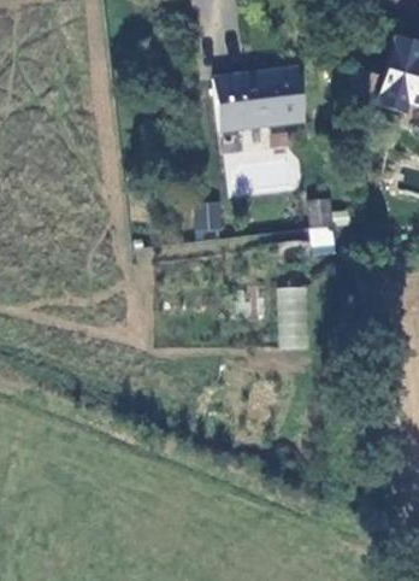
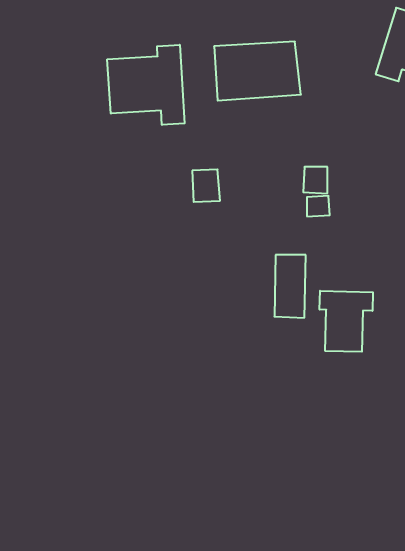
building: none -> [107,45,185,125]
building: none -> [320,291,373,352]

